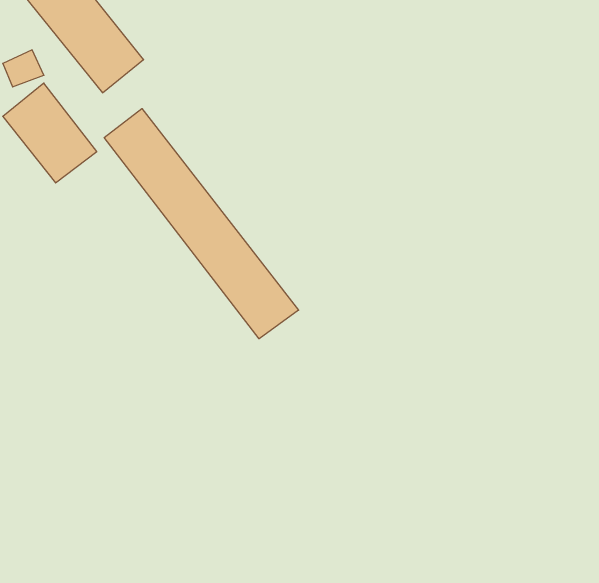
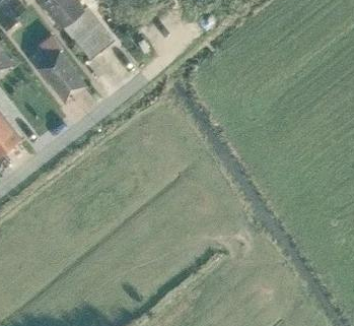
building: [104,109,299,339] -> none

